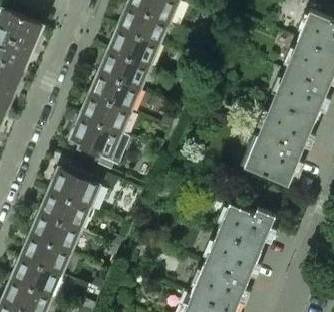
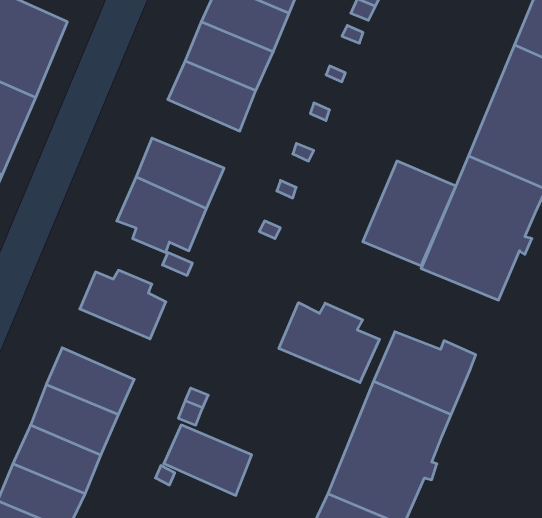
building: [90,70,140,109] -> none
building: none -> [363,161,456,266]
building: none -> [279,303,380,383]
building: [39,190,89,230] -> [164,425,252,495]

